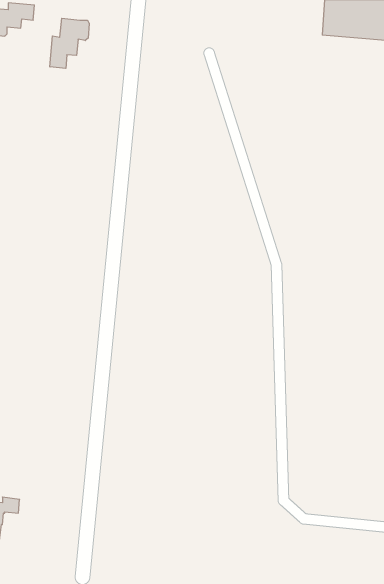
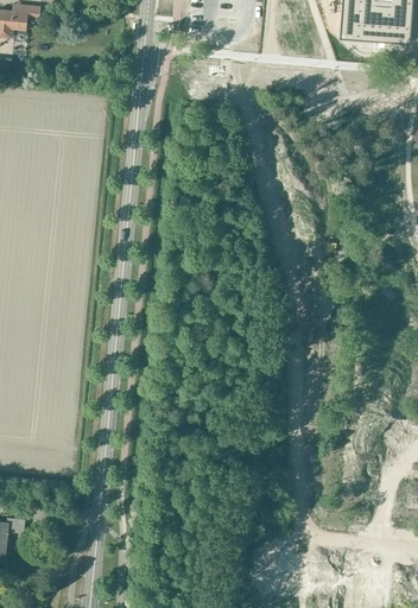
building: [50,18,89,68] -> none

